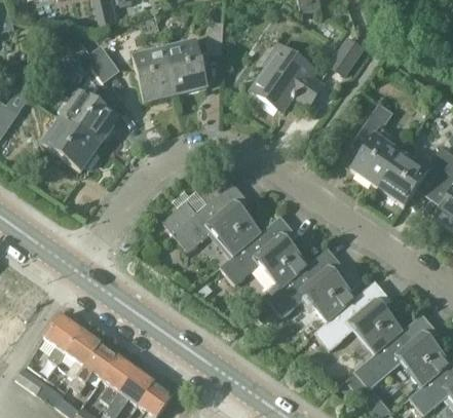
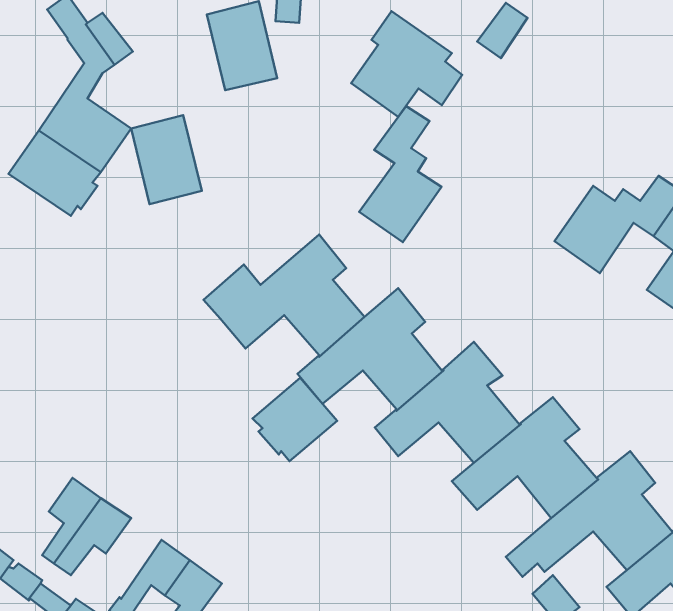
building: [133,47,176,102] -> [131,115,202,204]
building: [350,103,401,186] -> [359,106,441,242]
building: none -> [253,378,337,461]
building: [44,314,82,363] -> none
building: [102,355,137,405] -> none

